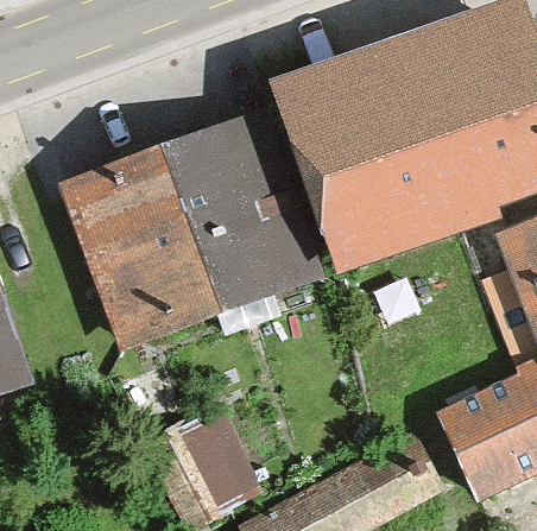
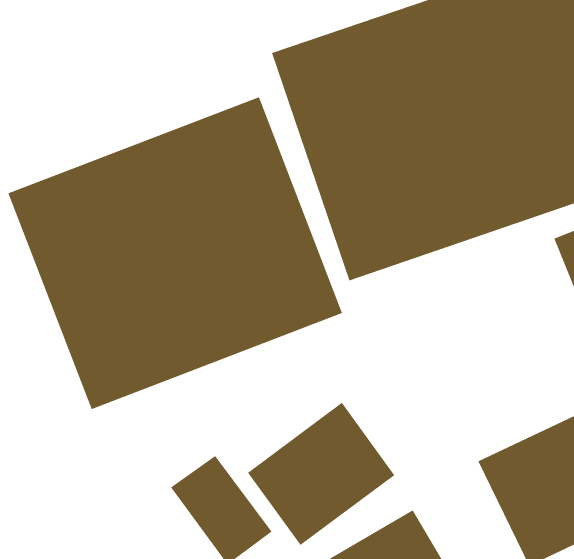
building: none -> [247,402,395,546]

